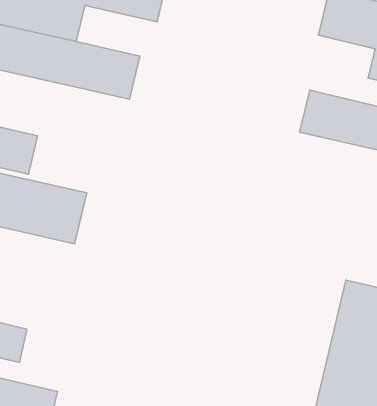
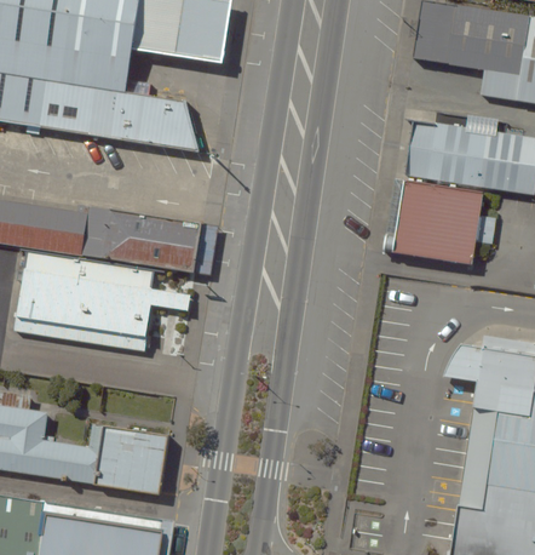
building: none -> [395,174,483,263]
building: none -> [107,207,195,271]
building: none -> [96,425,167,494]

